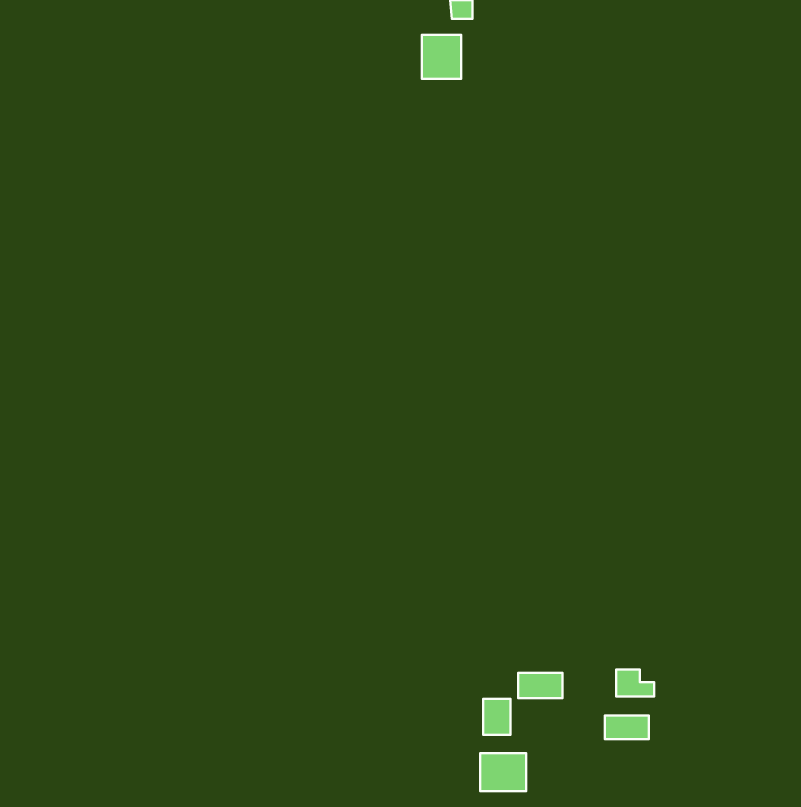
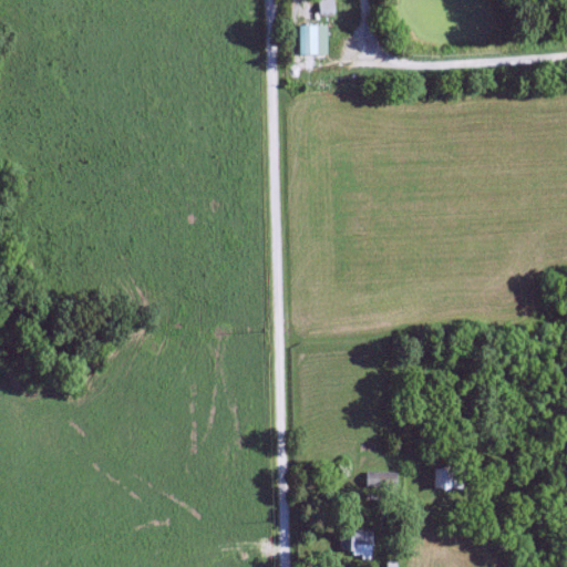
building: [483,699,511,735] -> none
building: [605,716,649,739] -> none

